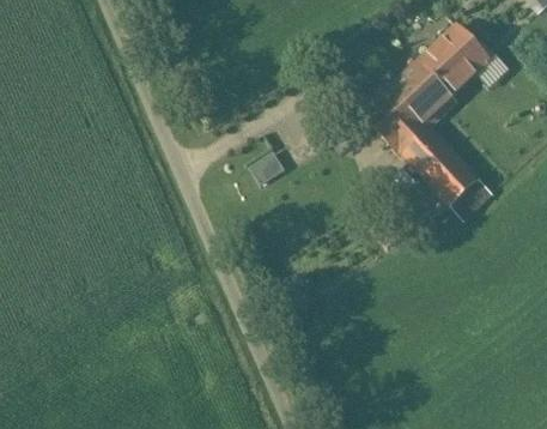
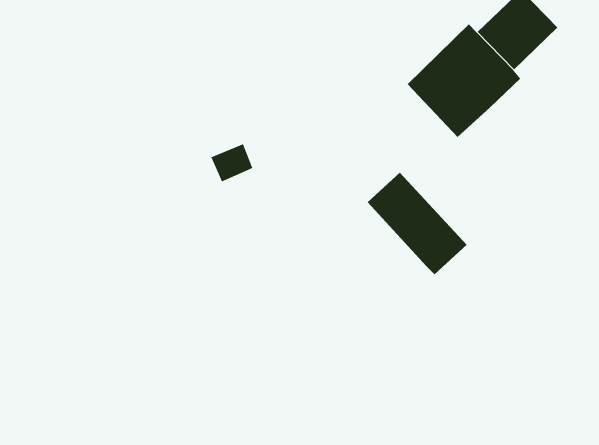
building: [405,129,492,219] -> [367,172,467,275]
building: [247,149,284,182] -> [211,144,253,182]

